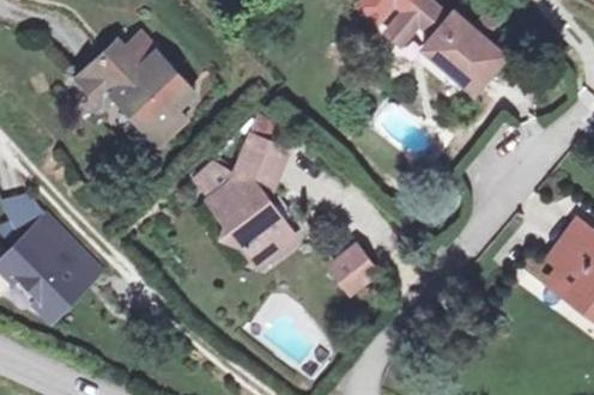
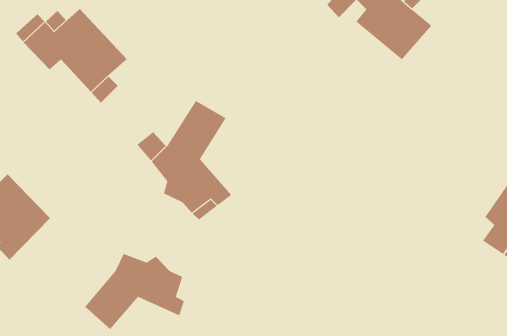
building: [319,247,366,293] -> none
building: none -> [84,253,185,330]

